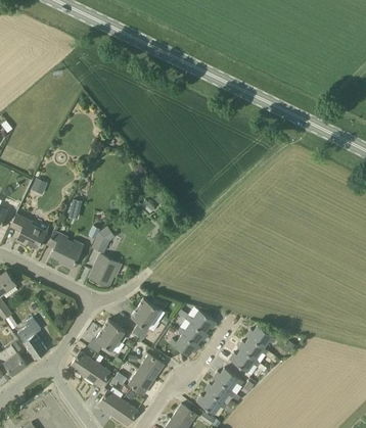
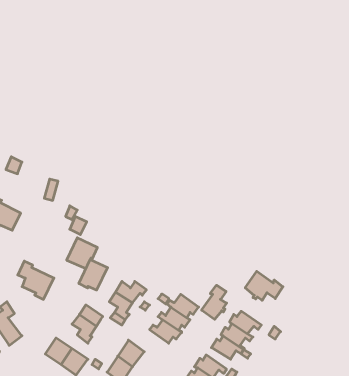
building: [47,231,82,268] -> [18,261,54,299]
building: none -> [79,259,108,290]
building: none -> [245,271,283,300]
building: none -> [202,285,227,319]

